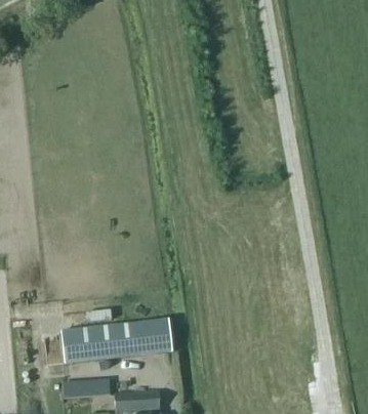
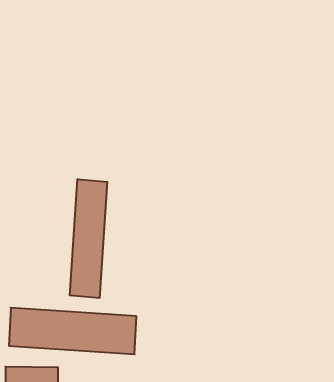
building: none -> [70,179,107,298]

